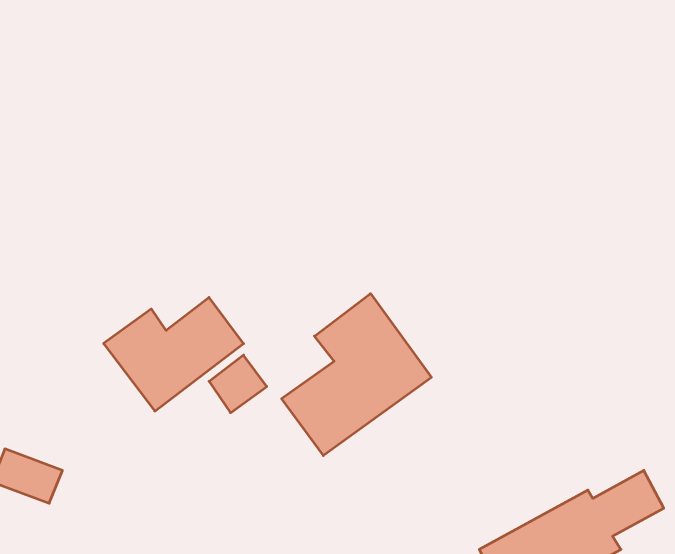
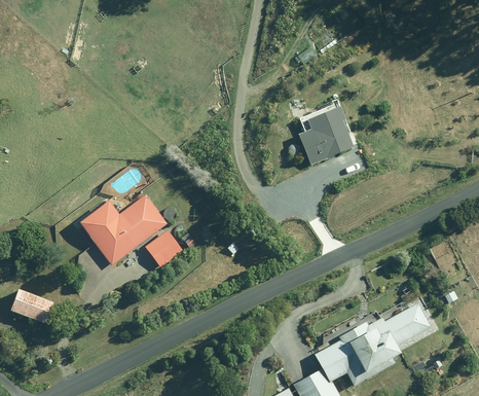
building: none -> [298,107,358,175]
building: [282,294,431,456] -> none

